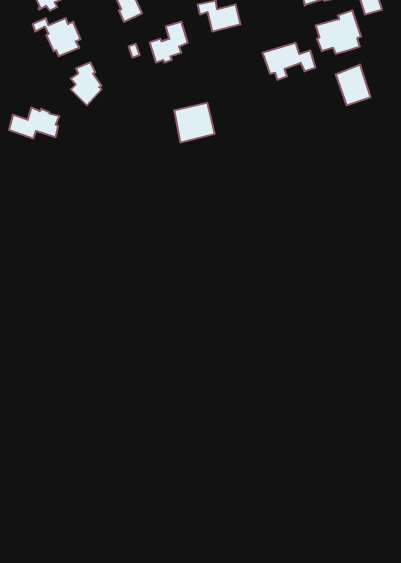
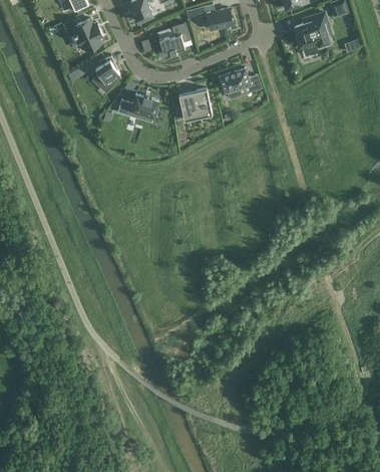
building: [263,43,315,80] -> [217,68,260,98]
building: [336,64,371,105] -> none
building: [9,108,59,138] -> [116,93,157,119]

